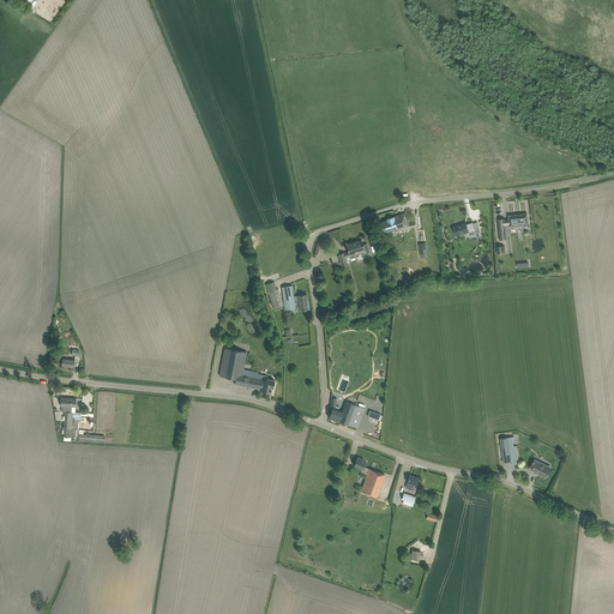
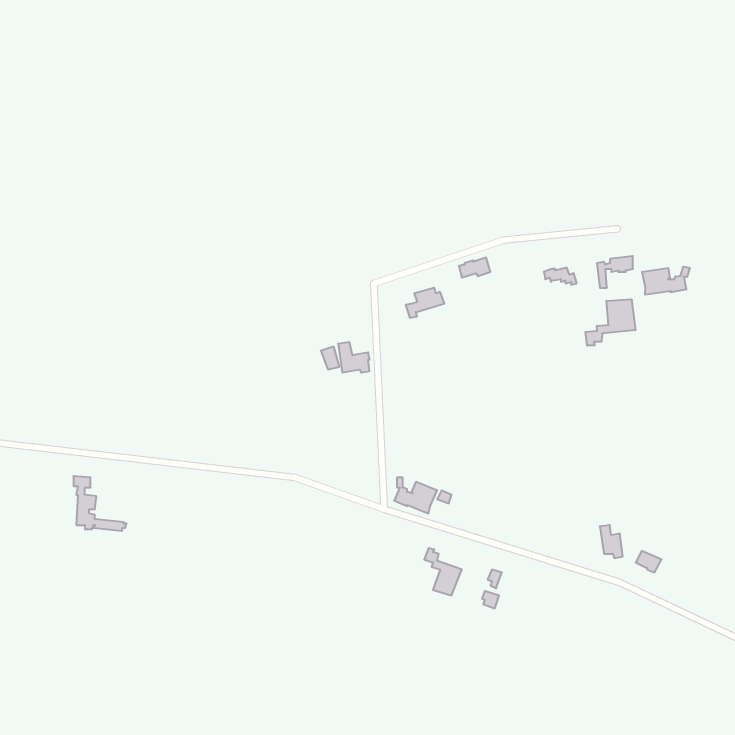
building: none -> [642,267,690,295]
building: none -> [586,299,635,346]
building: [219,348,275,393] -> none

